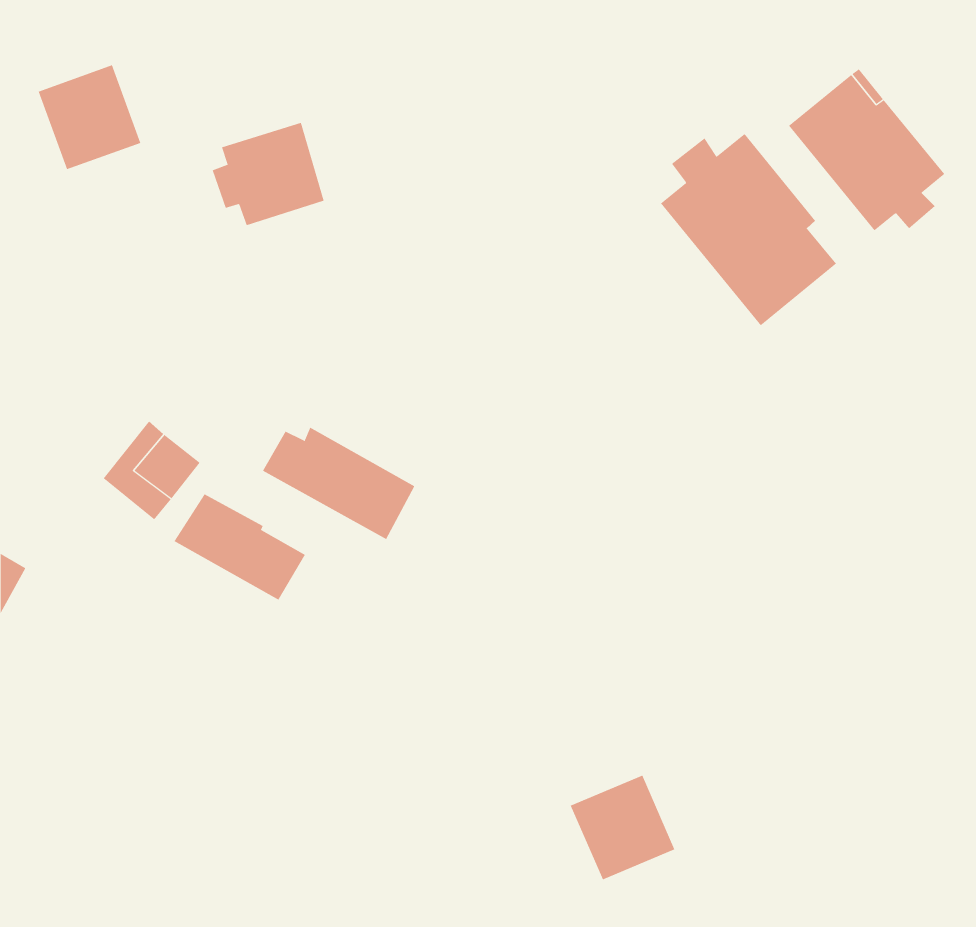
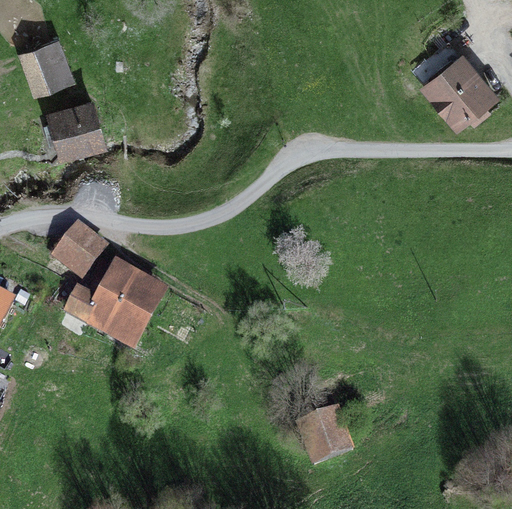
building: [212,122,325,226] -> [45,101,104,155]
building: [660,133,837,326] -> none
building: [262,427,415,540] -> [66,288,146,347]

